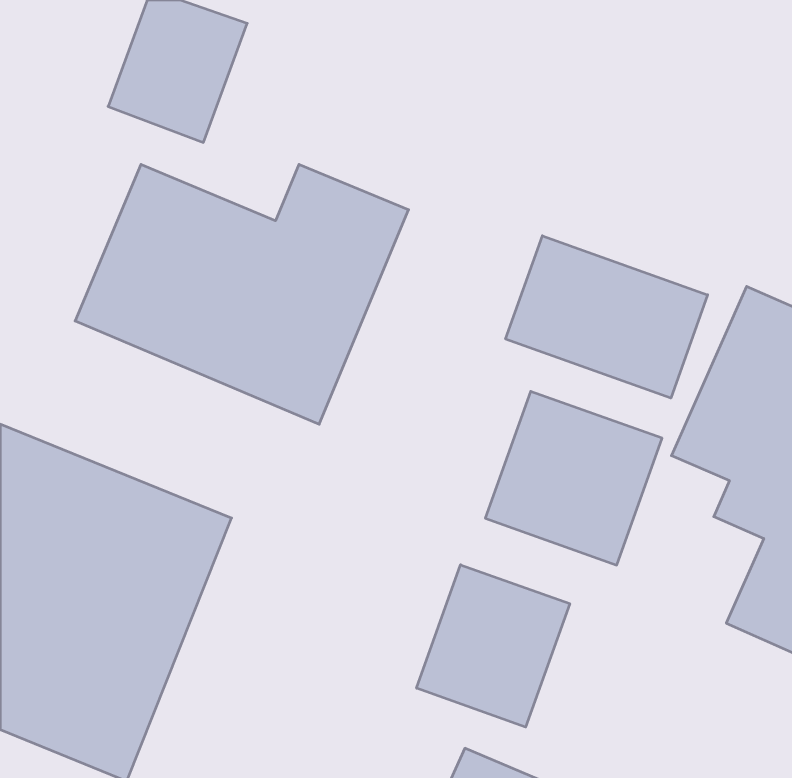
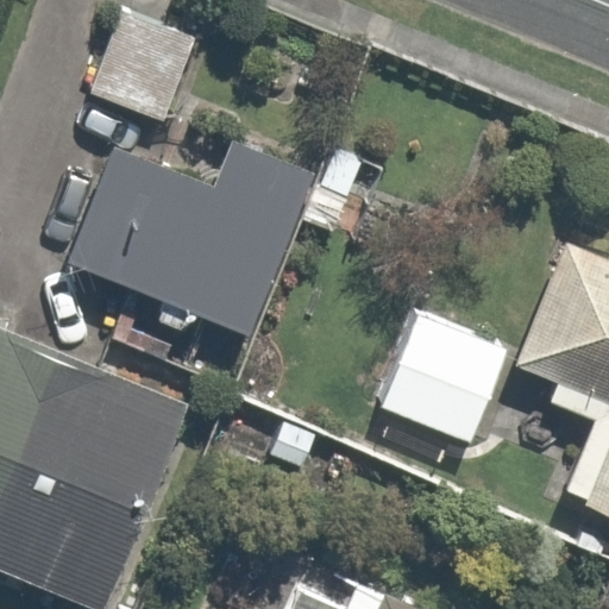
building: [506,236,708,398] -> none
building: [417,565,570,727] -> none

